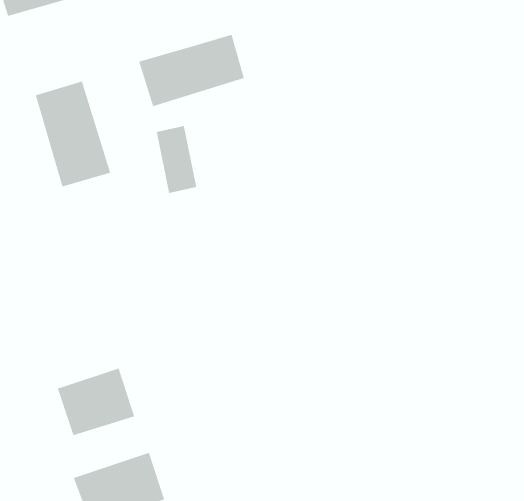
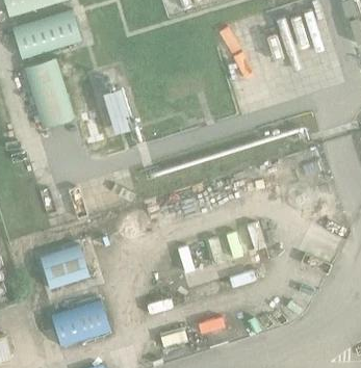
building: [138,34,245,107] -> [11,9,81,57]

